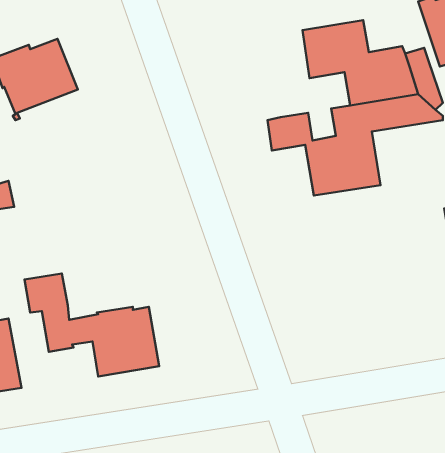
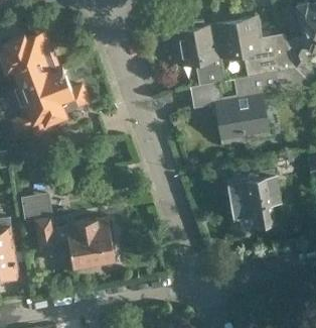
building: none -> [172,26,223,87]
building: none -> [12,66,88,133]
building: none -> [228,170,278,224]

